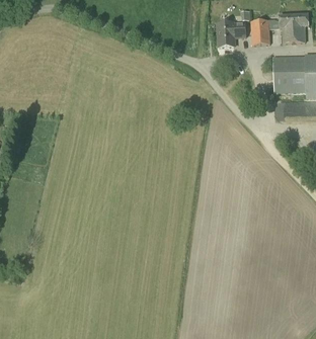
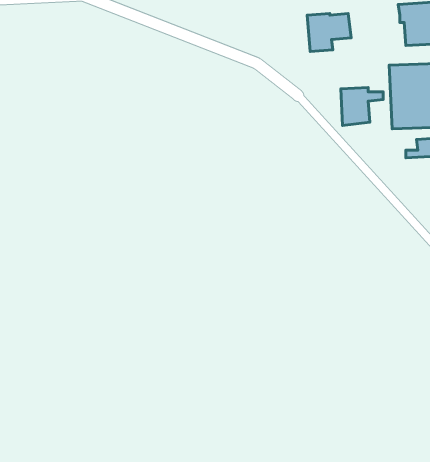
building: [251,20,280,46] -> [341,87,383,125]

